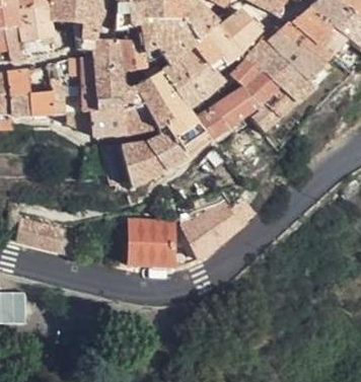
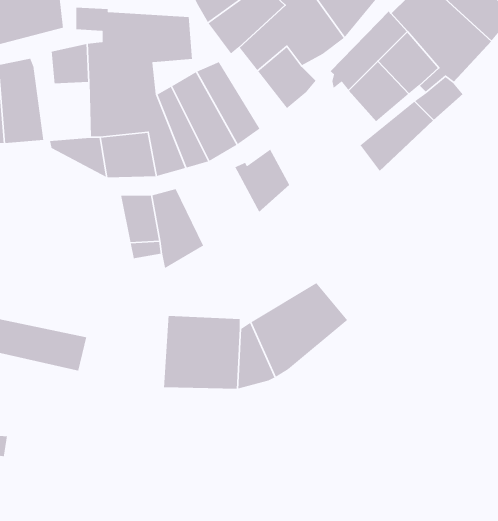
building: [163,59,205,108] -> none
building: [194,89,252,143] -> none
building: [137,132,188,180] -> none

